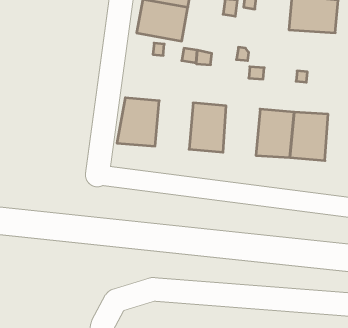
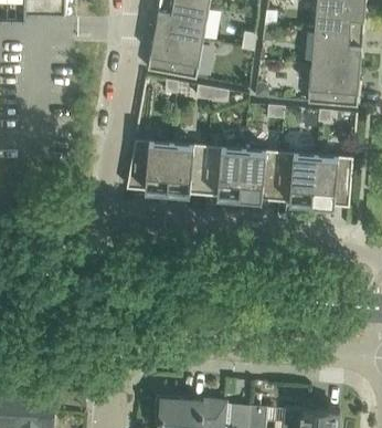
building: none -> [307,66,360,107]
building: none -> [167,143,208,195]
building: none -> [240,148,279,201]

